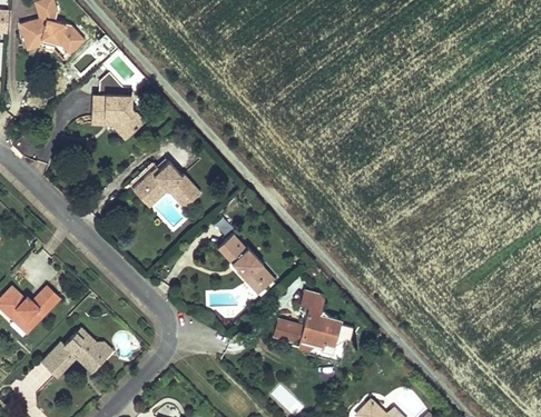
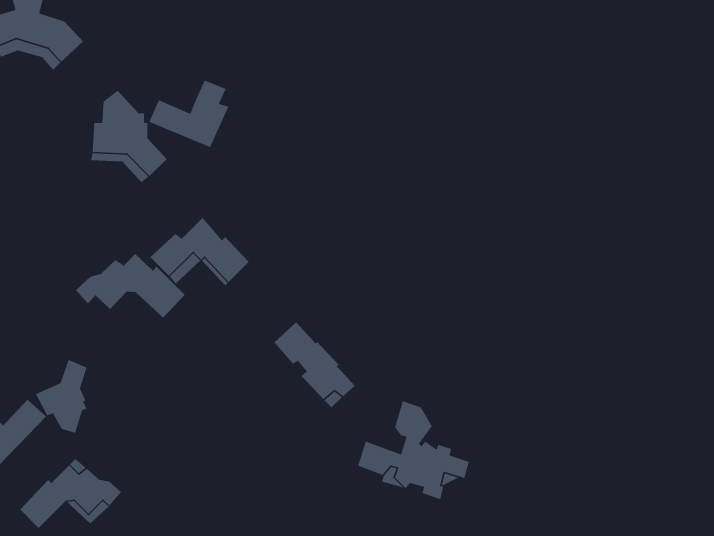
building: none -> [148,80,229,148]
building: none -> [75,253,186,318]
building: none -> [35,359,88,434]

